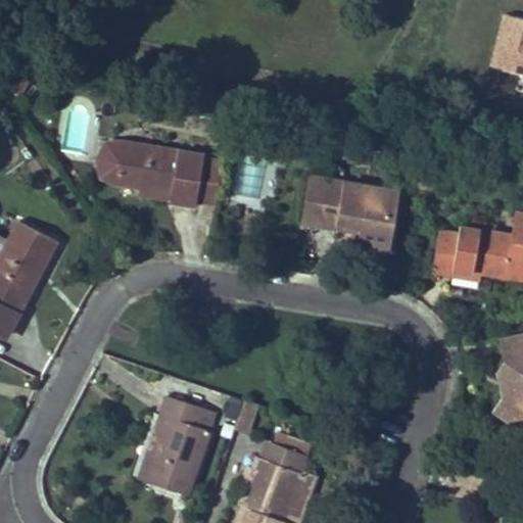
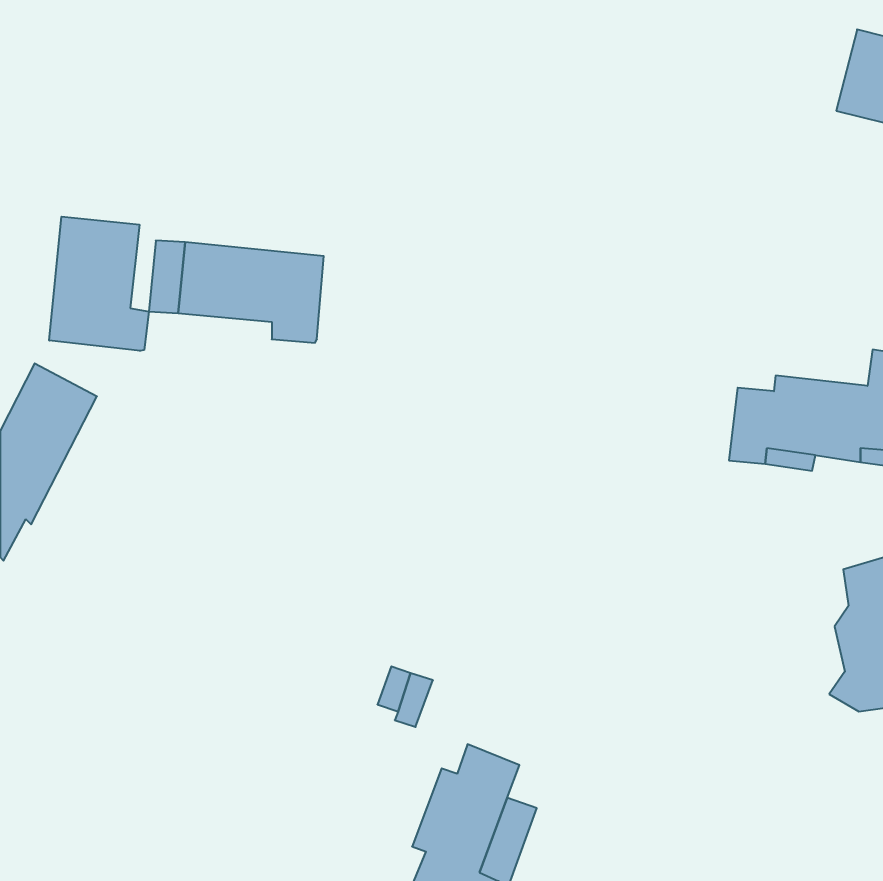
building: none -> [49,217,149,351]
building: [188,150,212,203] -> none
building: [304,176,400,250] -> none
building: [135,394,218,496] -> none

